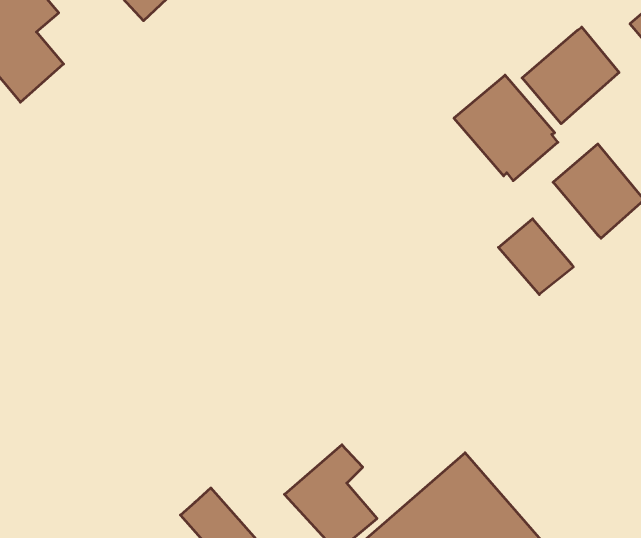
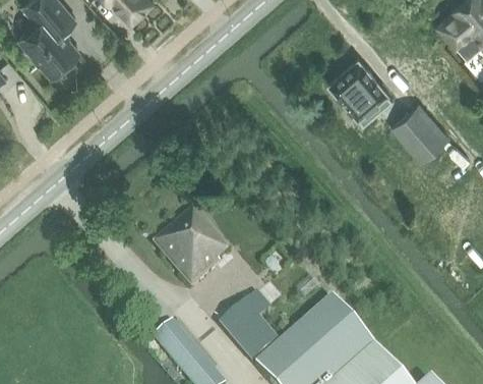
building: [522,27,619,124] -> none
building: [498,219,573,295] -> none
building: none -> [155,209,231,287]

